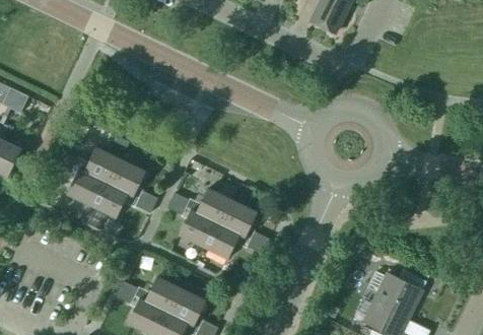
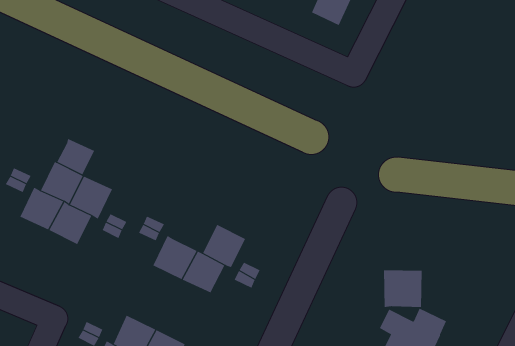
building: none -> [56,138,95,175]
building: [196,188,232,224] -> none
building: none -> [383,269,422,308]

